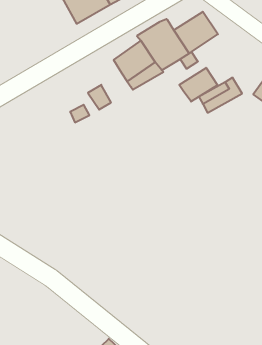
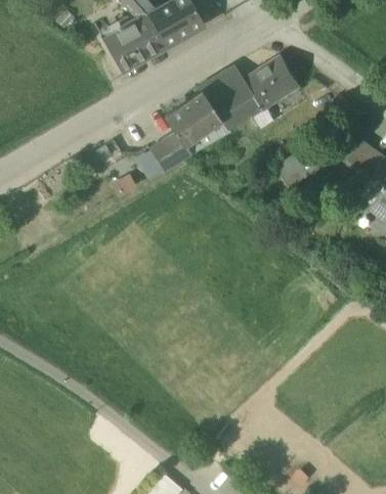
building: [179,68,217,102] -> none
building: none -> [153,133,190,171]

